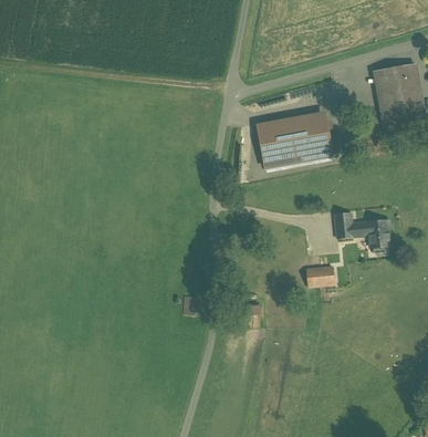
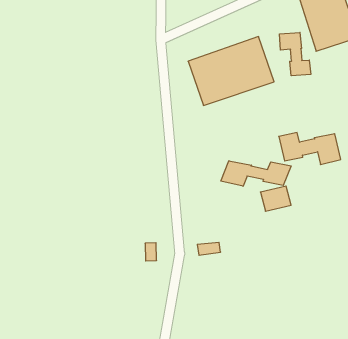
building: none -> [280,32,311,76]
building: none -> [221,161,291,186]

